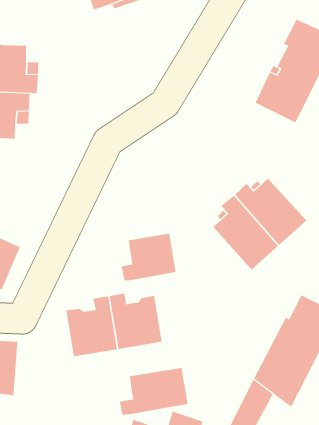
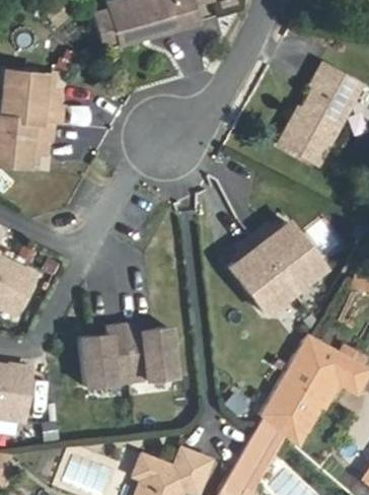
building: [121,233,176,281] -> none
building: [119,367,188,416] -> none

